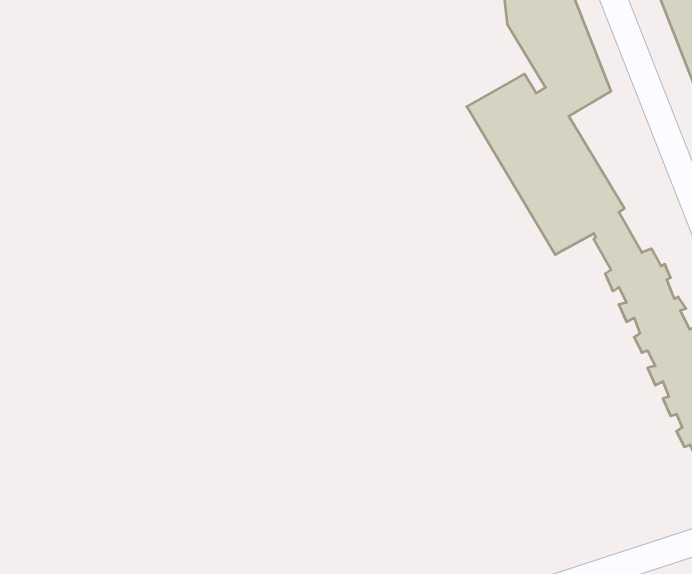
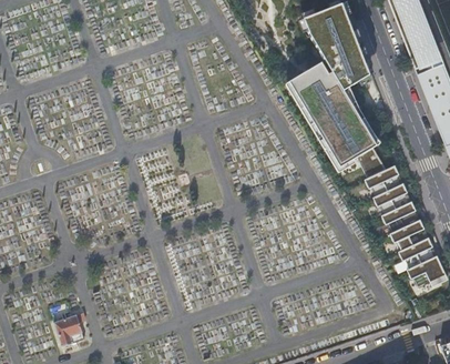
building: none -> [54,311,84,342]

